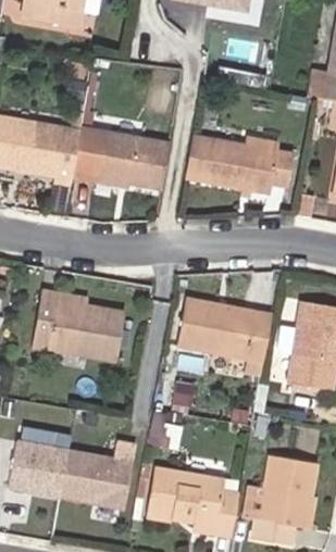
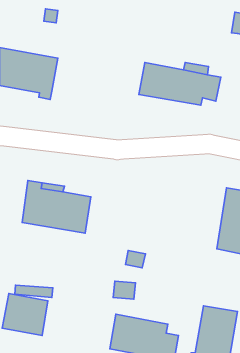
building: [72,128,169,188] -> none
building: [179,300,271,362] -> none
building: [59,450,130,507] -> none

